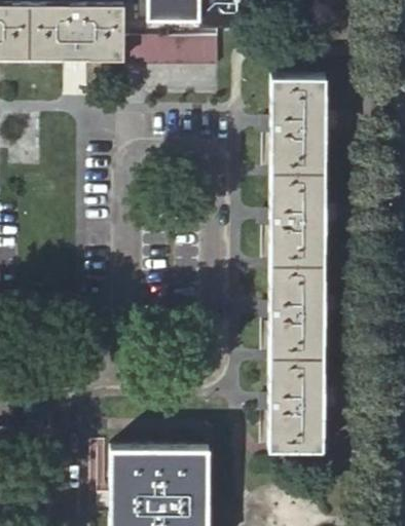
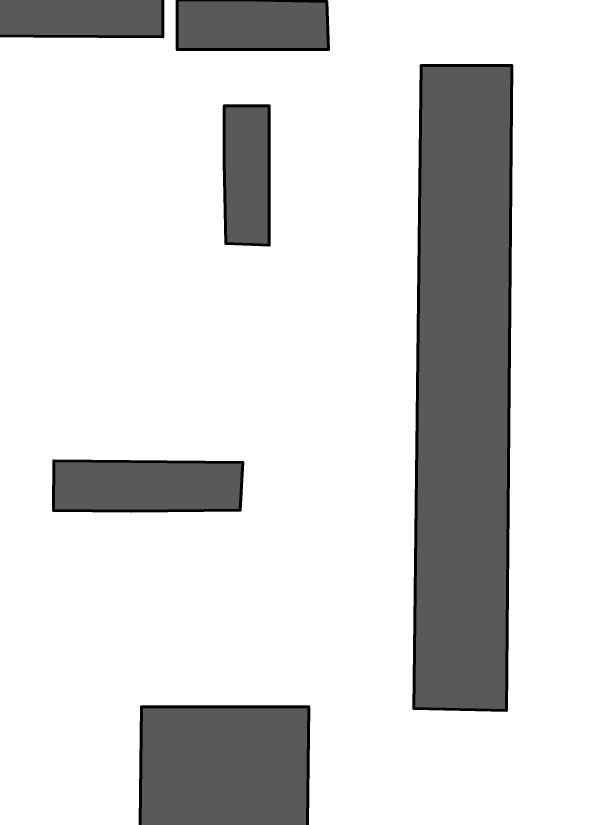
building: none -> [224,106,269,245]
building: none -> [53,461,243,511]

